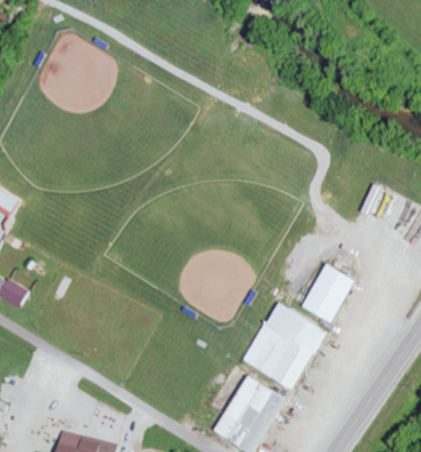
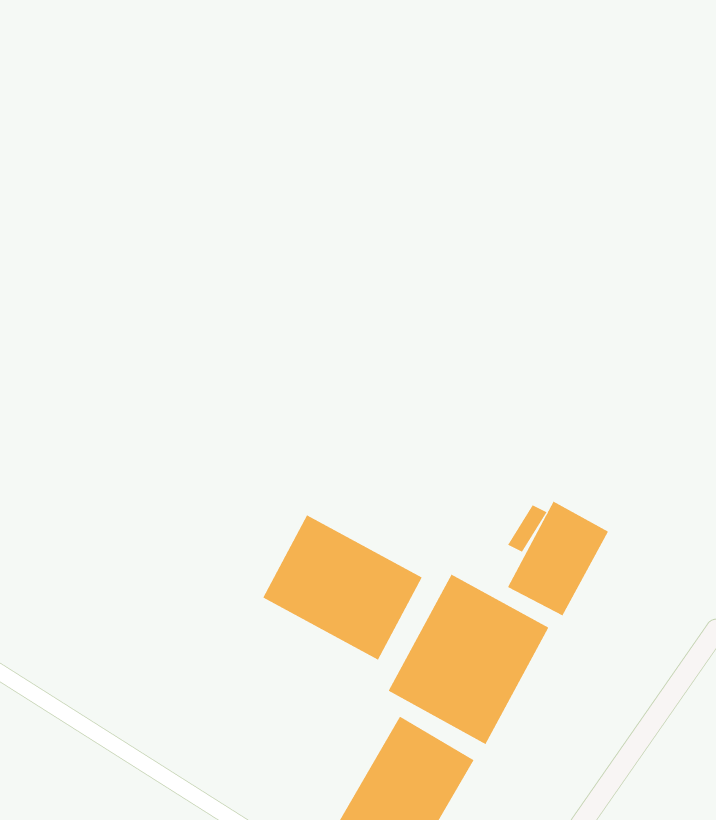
building: none -> [263,515,423,660]

